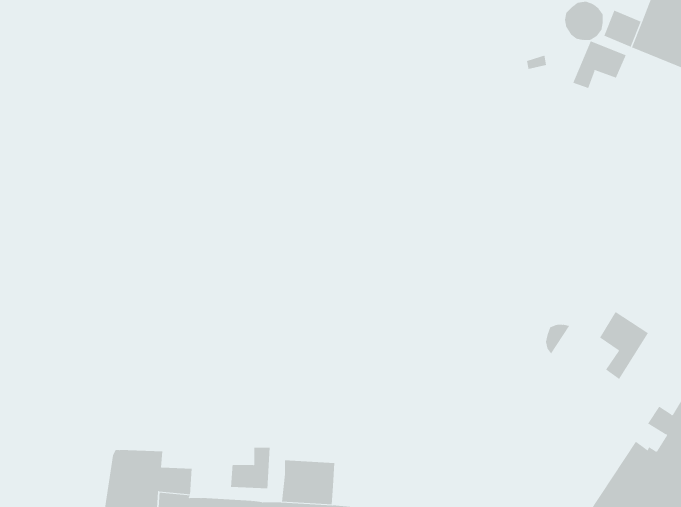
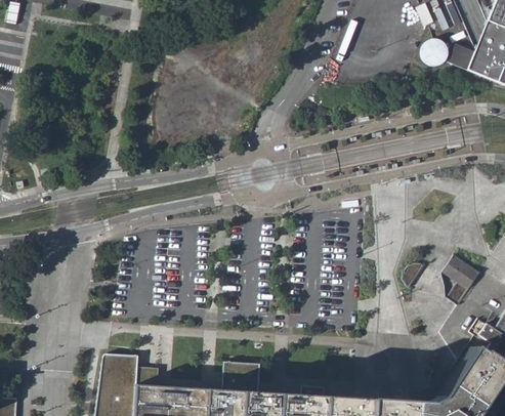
building: [572,40,626,89] -> none
building: [231,447,270,489] -> none

